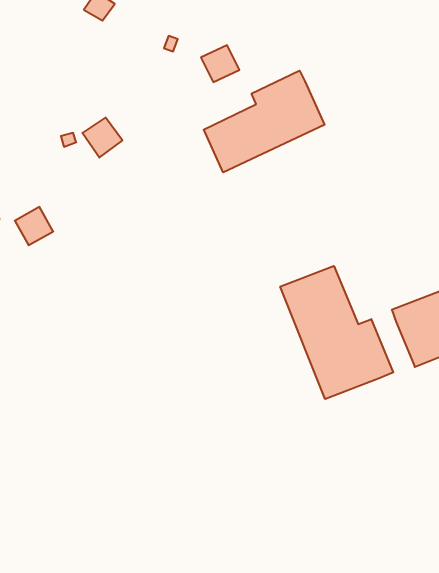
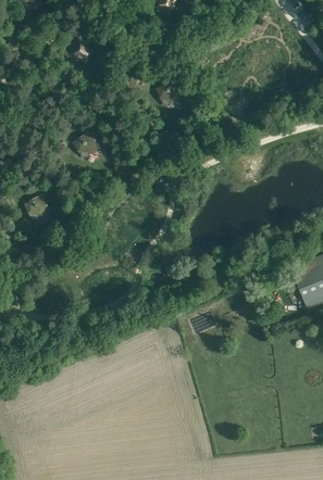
building: [204,71,325,172] -> none
building: [280,266,393,399] -> none

